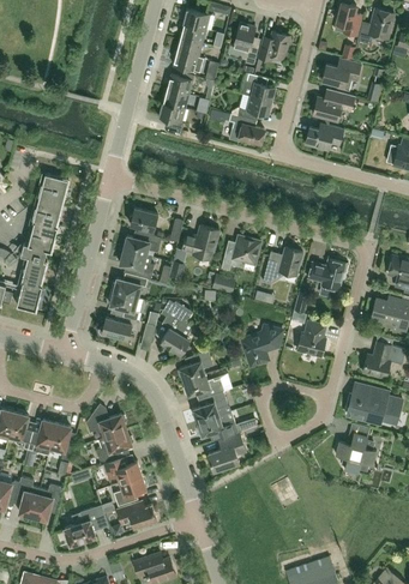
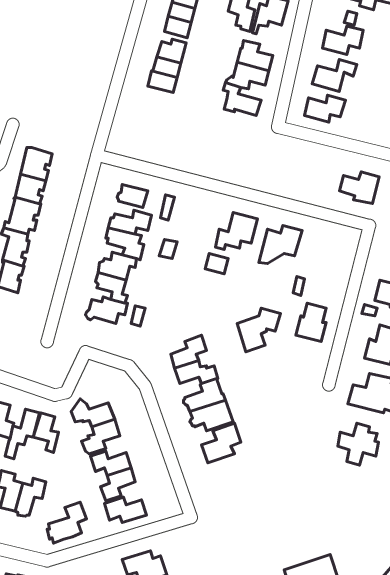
building: [182,225,219,259] -> none
building: [308,259,345,289] -> [340,172,379,204]
building: [161,308,190,354] -> none

